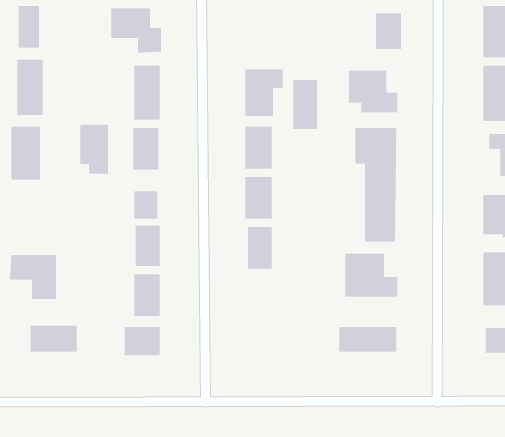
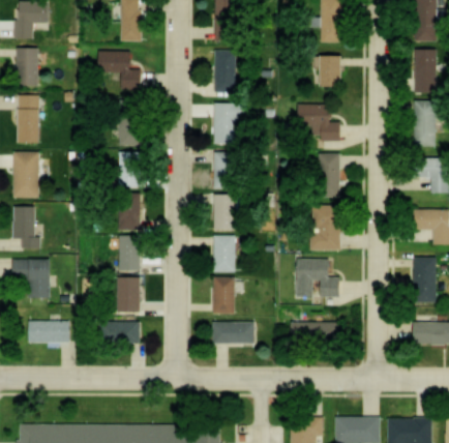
building: [292,80,318,130] -> [213,50,235,92]
building: [80,124,109,174] -> [12,206,37,248]
building: none -> [213,276,235,313]
building: none -> [213,321,255,343]

